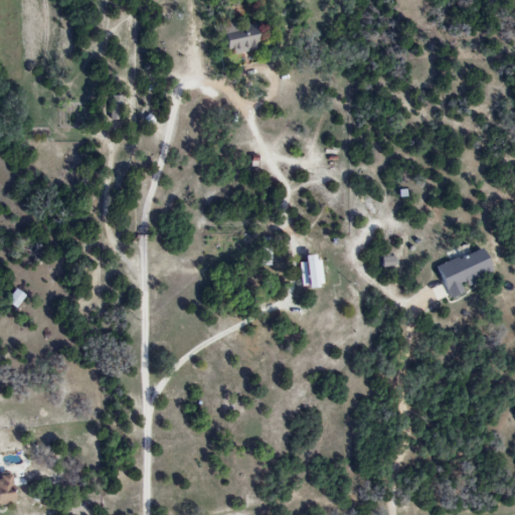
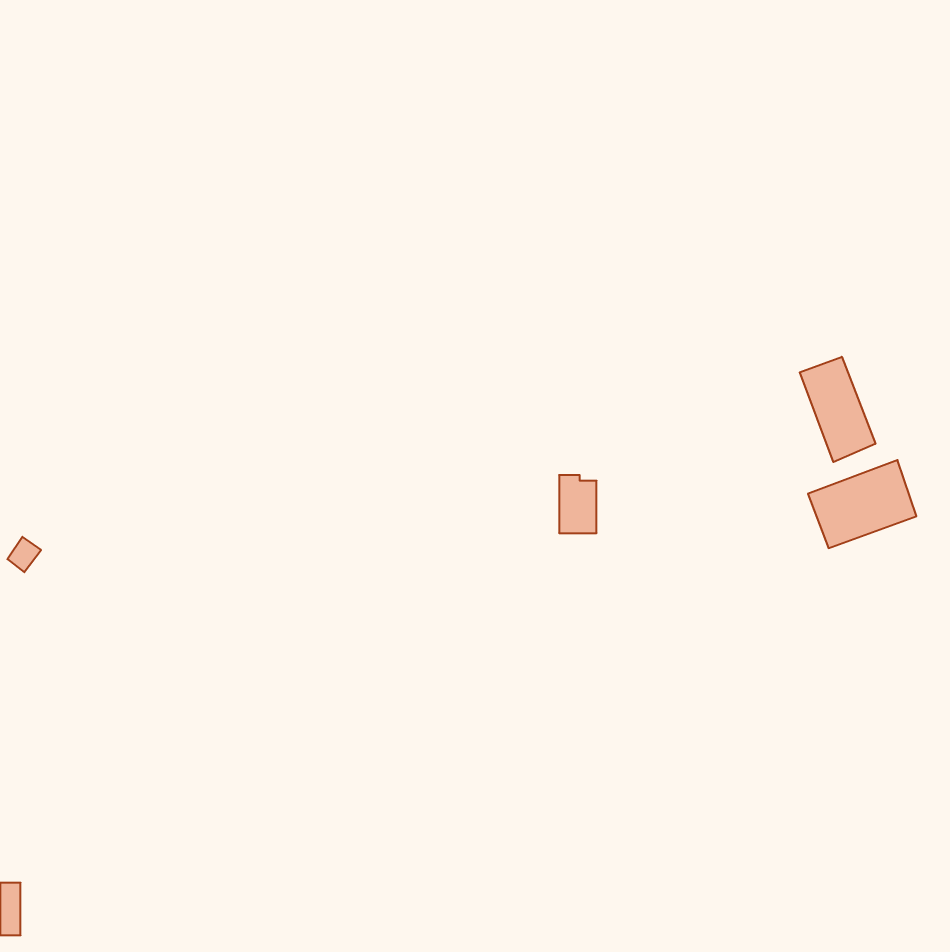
building: [223,20,262,53] -> none
building: none -> [800,357,875,462]

